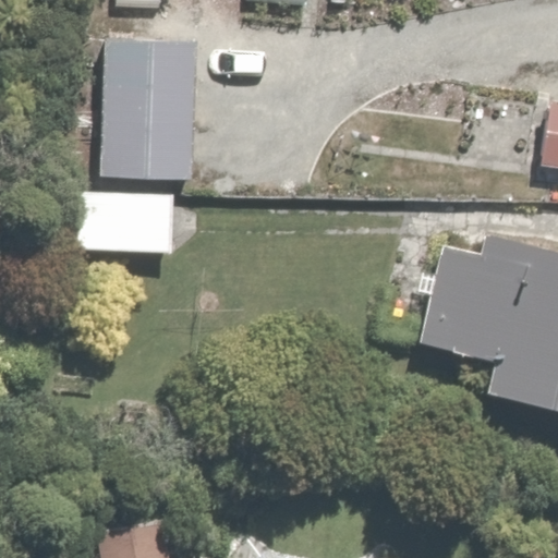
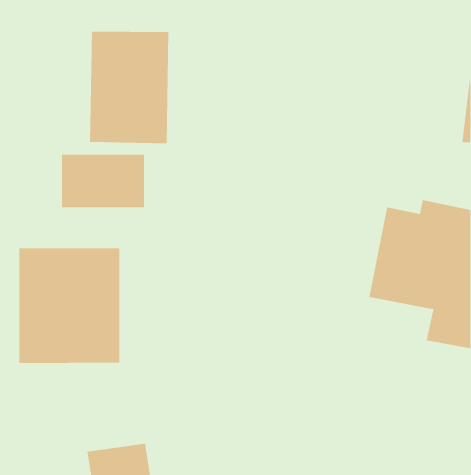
building: none -> [19,248,120,364]

